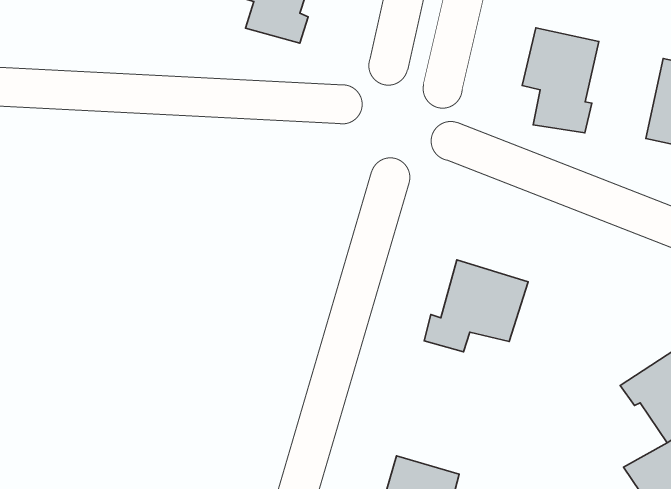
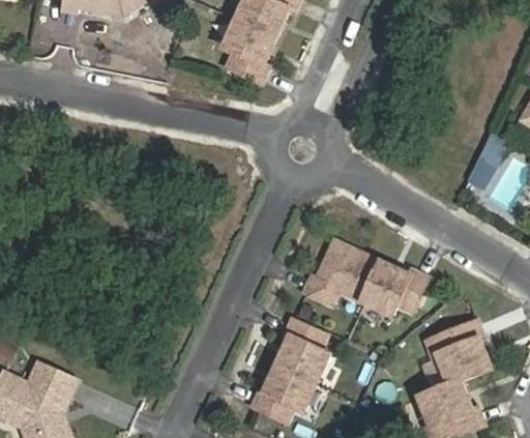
building: [522,28,599,133] -> none
building: none -> [360,264,423,315]
building: none -> [274,322,324,383]

